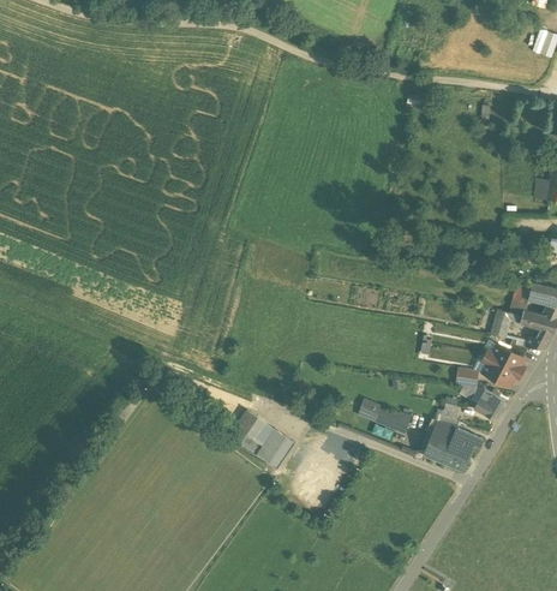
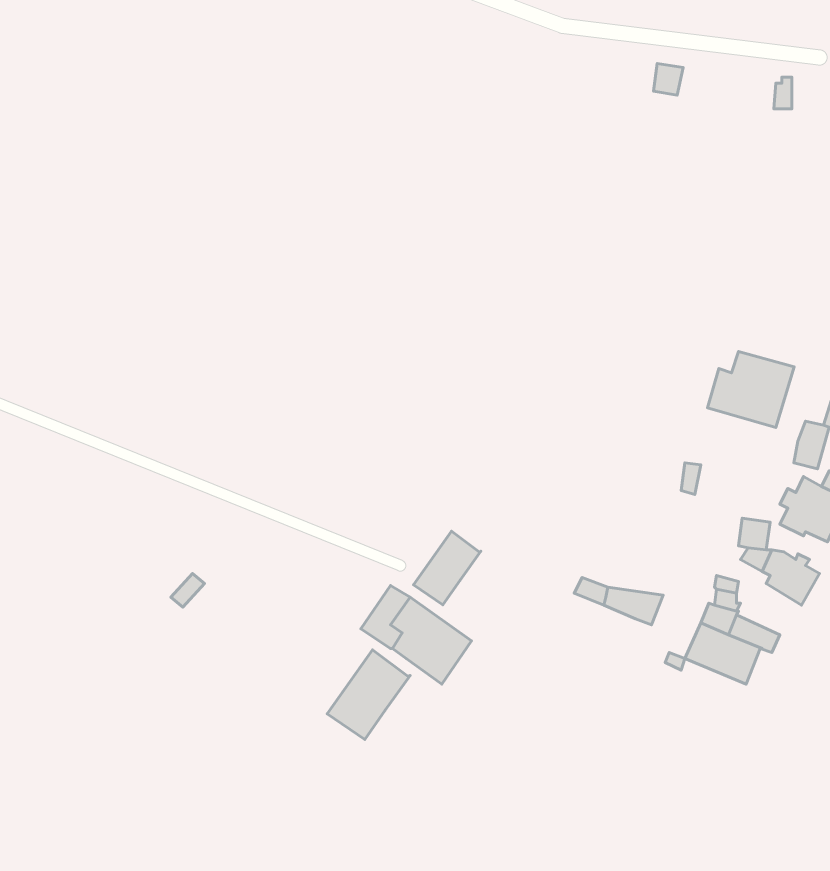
building: none -> [708,352,794,427]
building: none -> [414,531,481,605]
building: none -> [327,650,410,739]

